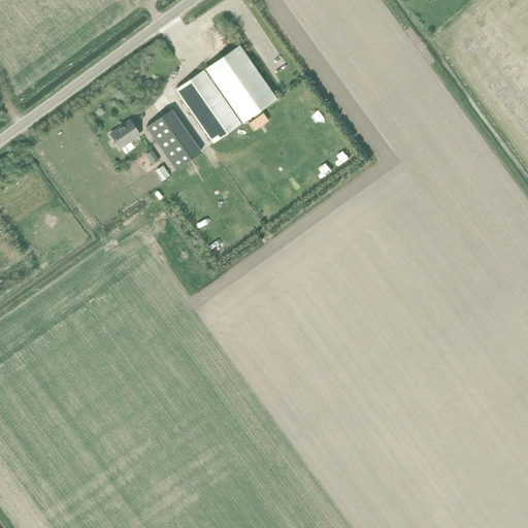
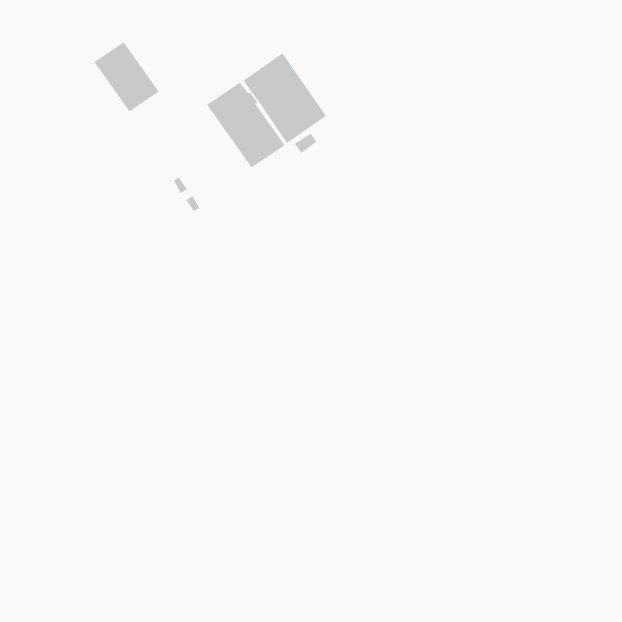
building: [145,109,201,169] -> [94,41,160,112]
building: [109,120,138,146] -> none

